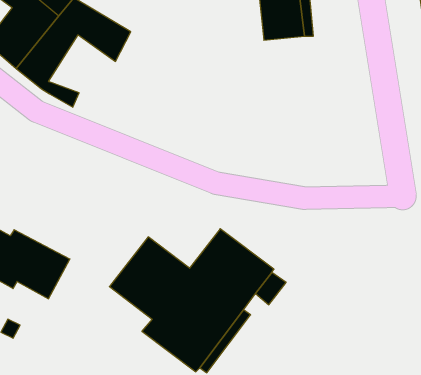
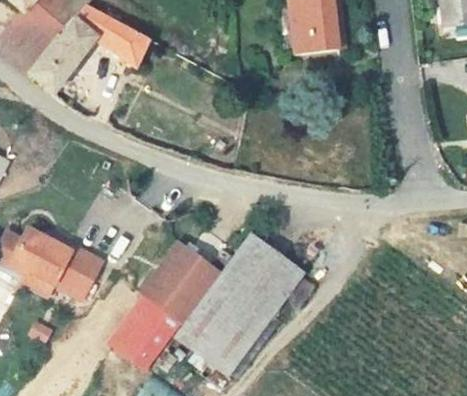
building: none -> [106,299,171,369]

